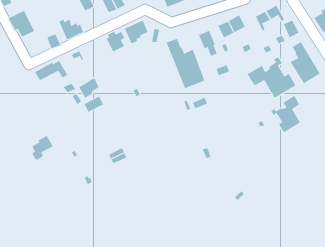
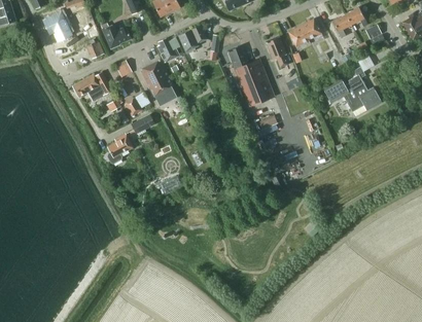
building: [290,41,320,84] -> none
building: none -> [140,59,175,102]
building: [271,95,301,133] -> none
building: [32,135,53,160] -> [107,133,133,163]

